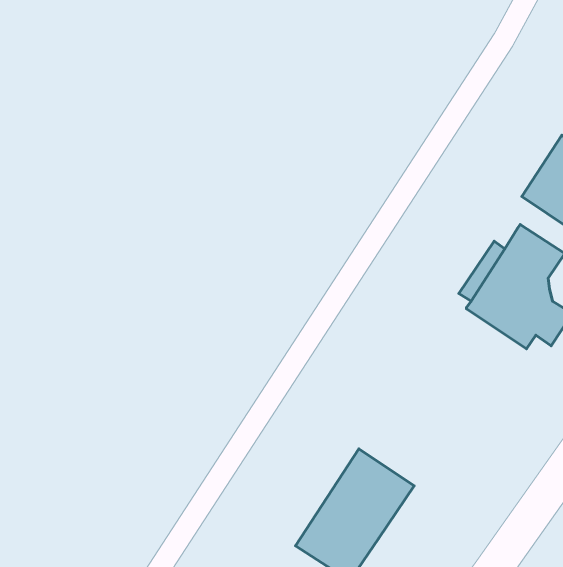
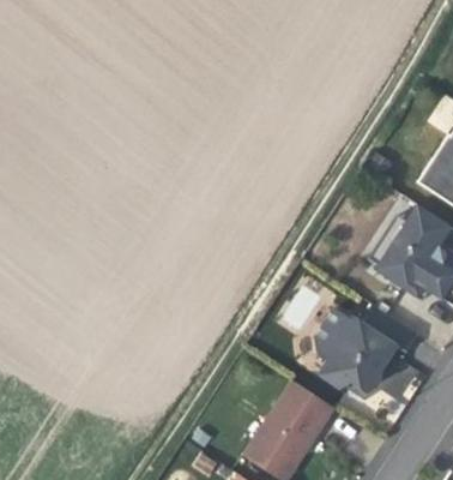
building: none -> [314,305,418,394]

